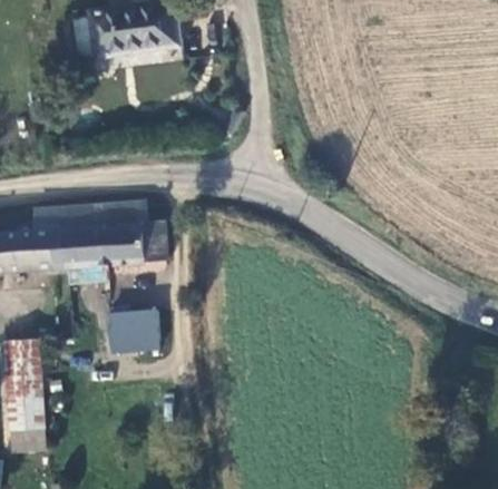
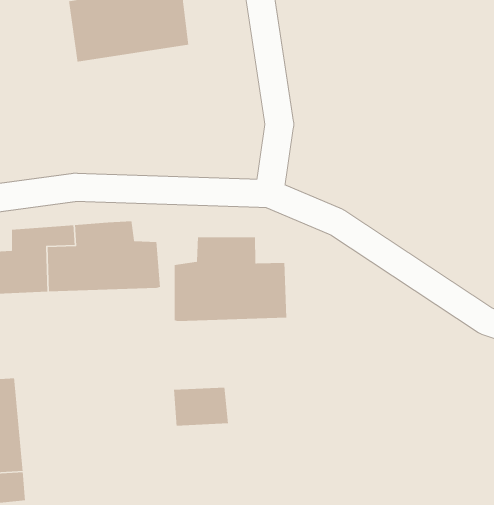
building: none -> [174,236,287,322]
building: [115,314,165,350] -> [173,387,229,426]

